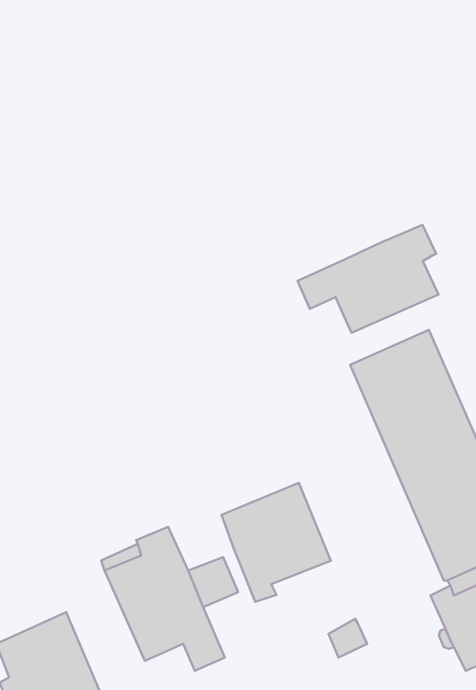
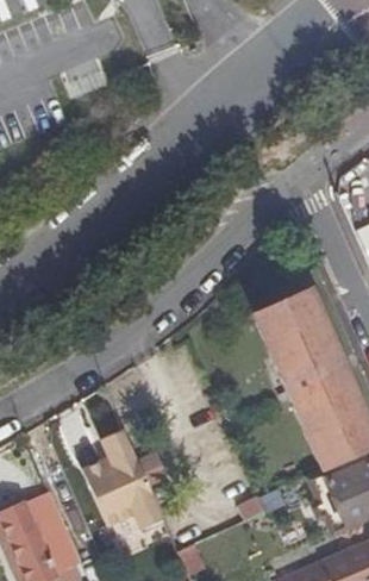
building: [298,225,439,333] -> none
building: [222,483,331,602] -> none

